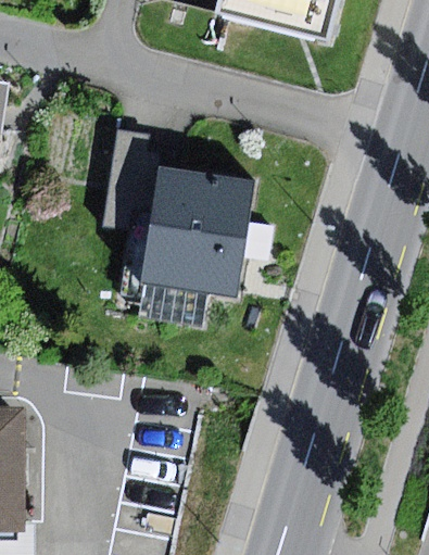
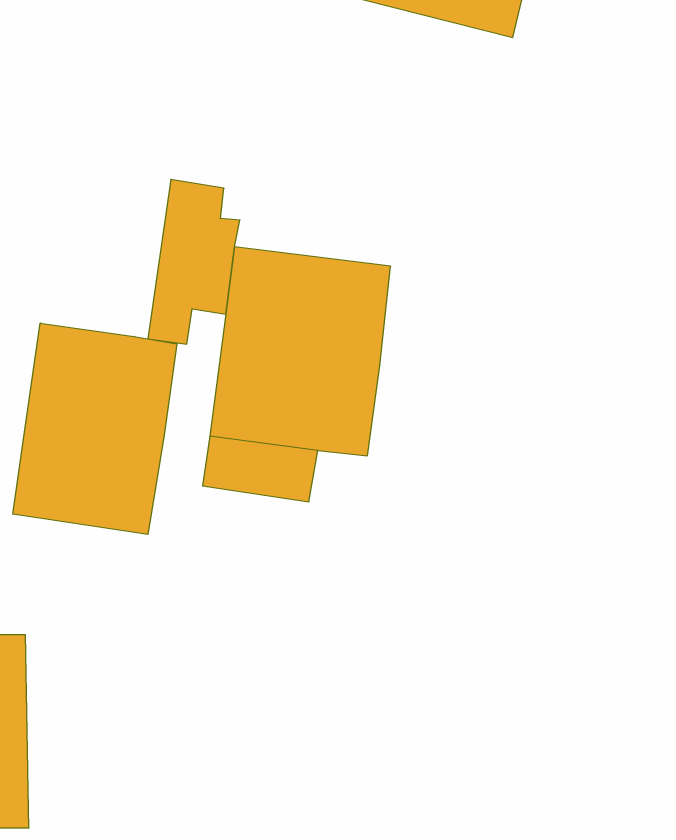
building: none -> [13,323,177,534]

